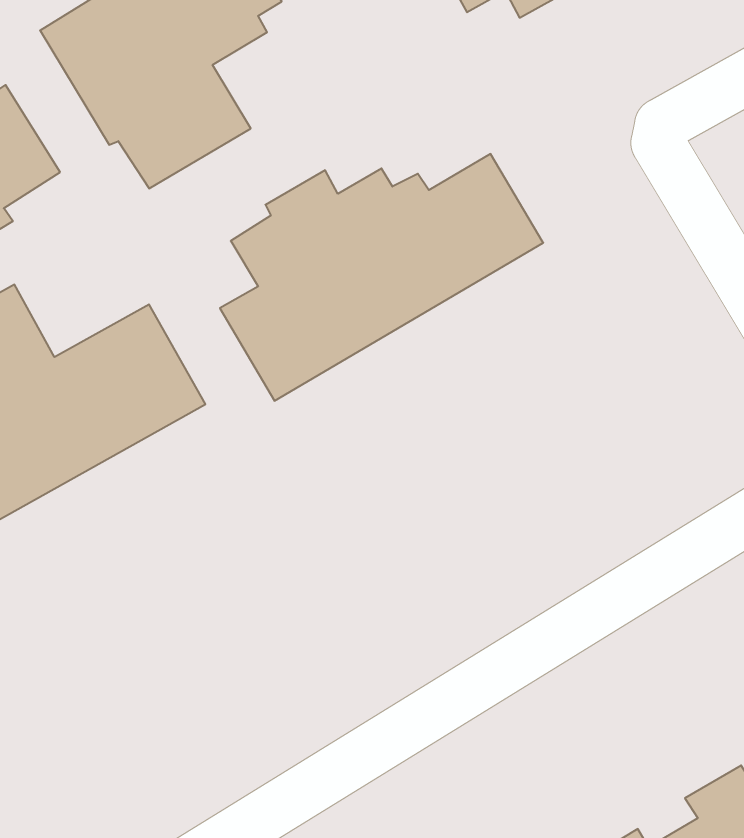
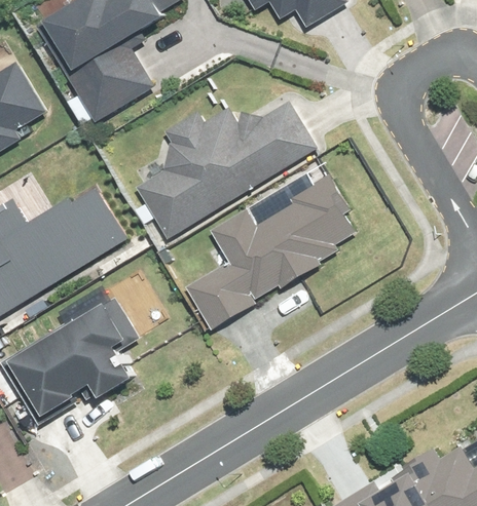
building: none -> [185,173,356,332]
building: none -> [16,300,138,413]

